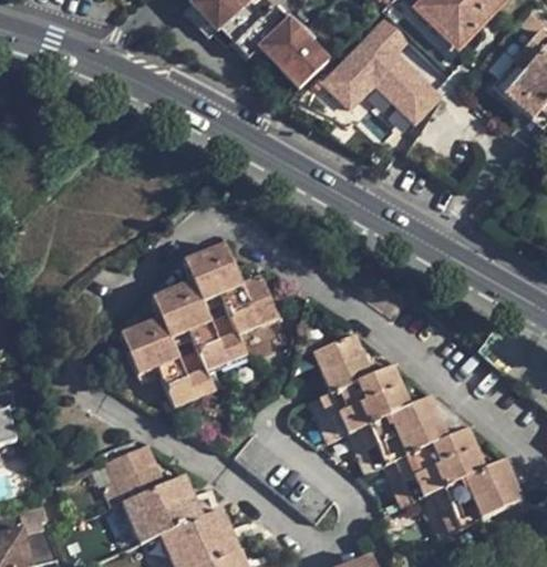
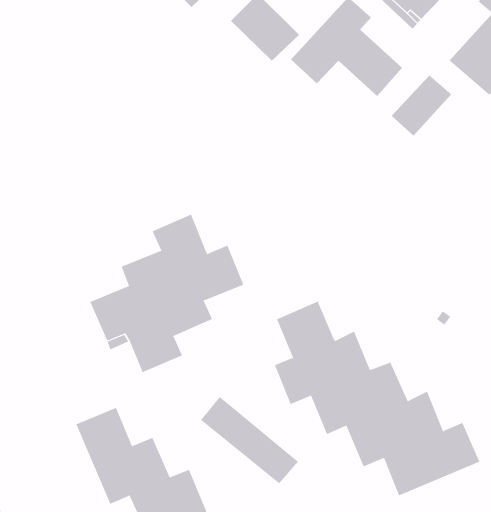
building: none -> [391,74,452,137]

